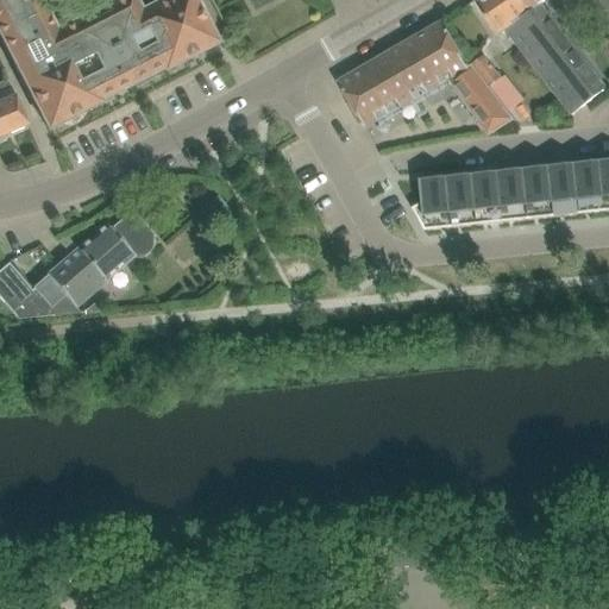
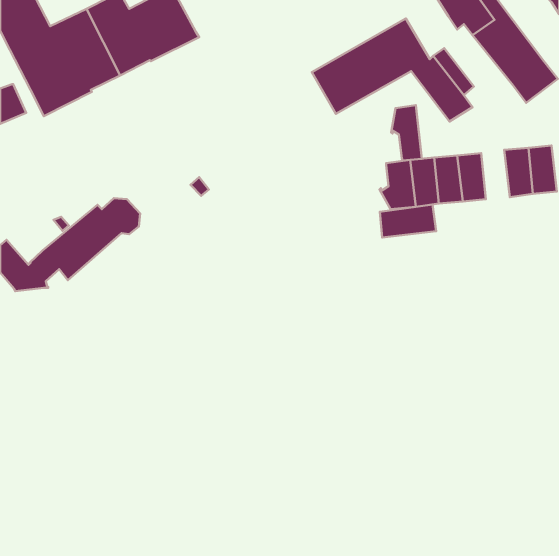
building: none -> [391,105,422,160]
building: [523,163,554,216] -> none
building: none -> [380,205,436,237]

